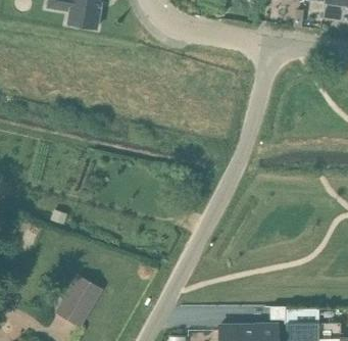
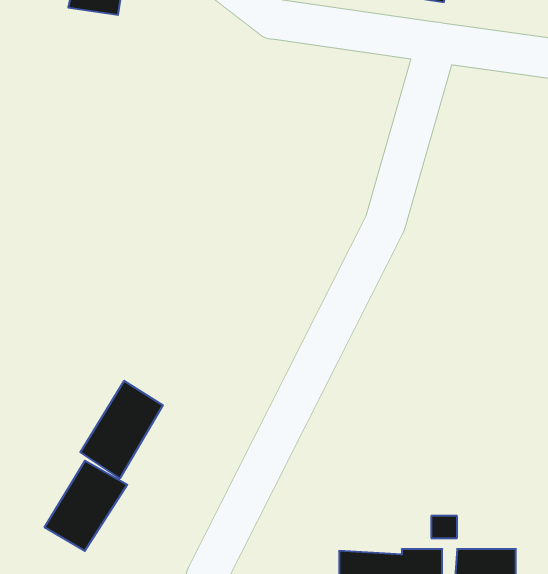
building: none -> [80,381,163,478]

